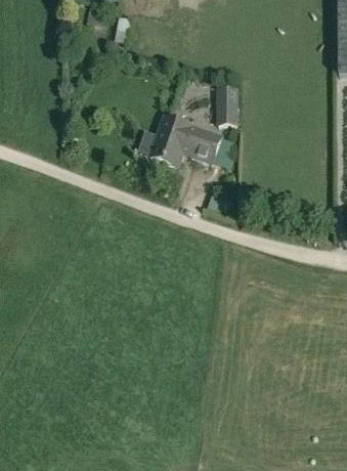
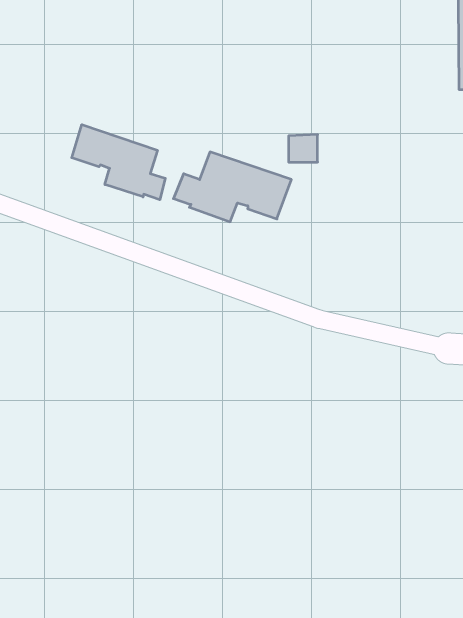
building: none -> [72,125,165,200]

